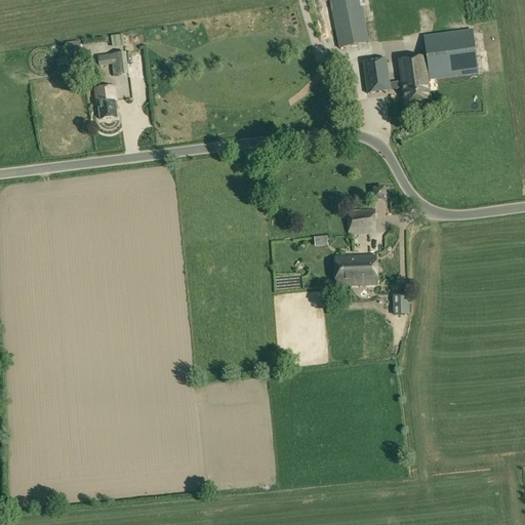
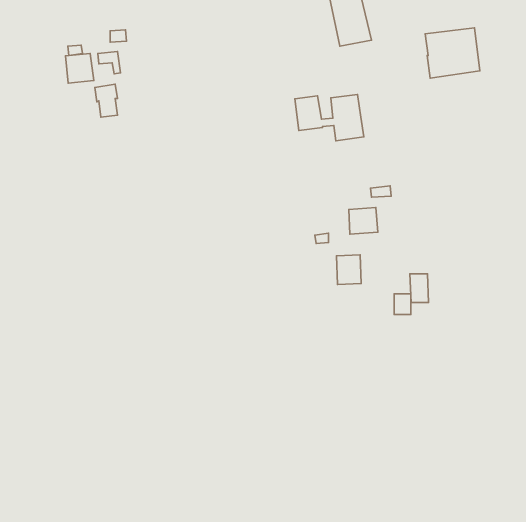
building: none -> [66,53,94,83]
building: [363,55,432,102] -> [295,95,364,141]
building: [359,254,377,283] -> [410,274,429,303]

